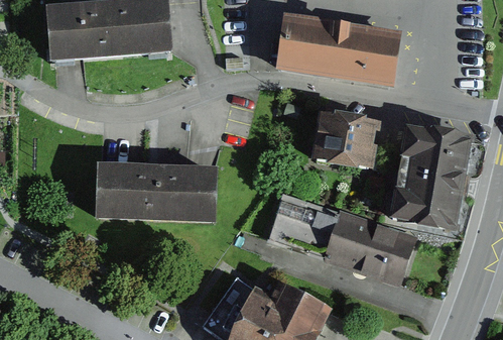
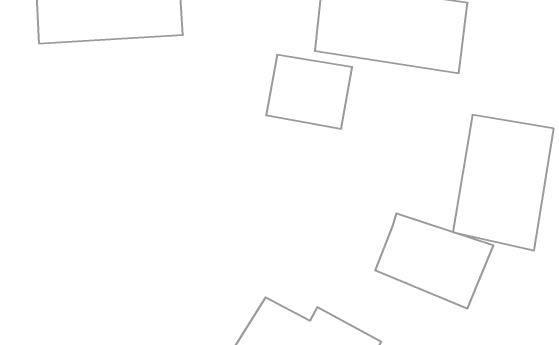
building: [308,107,379,167] -> [266,55,352,129]
building: [91,160,214,220] -> none
building: [269,197,340,250] -> none

